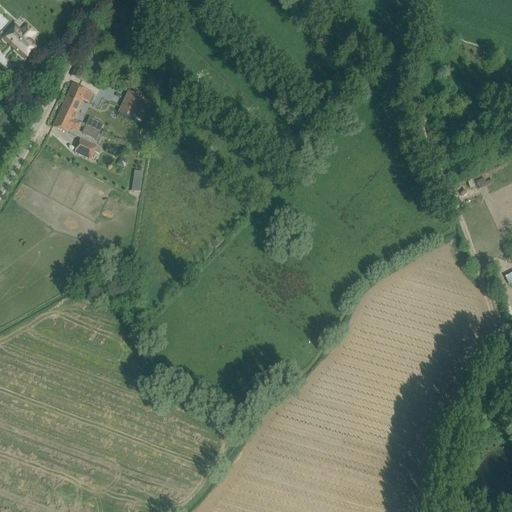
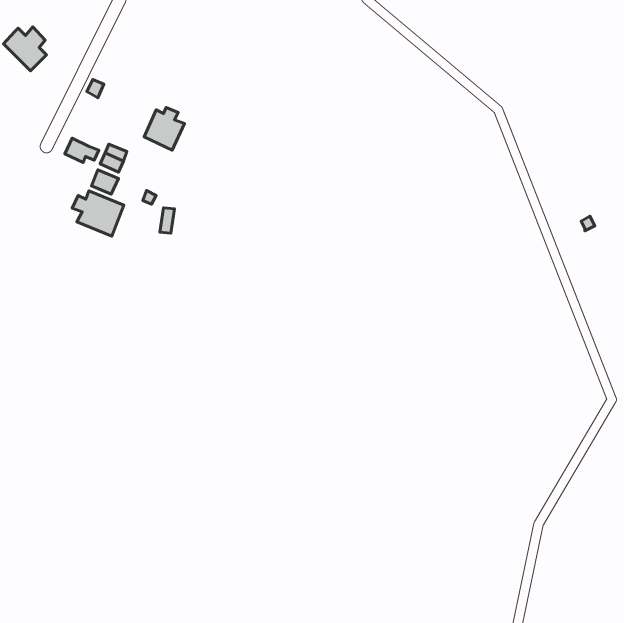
building: [59,83,93,120] -> none
building: none -> [72,191,124,236]

